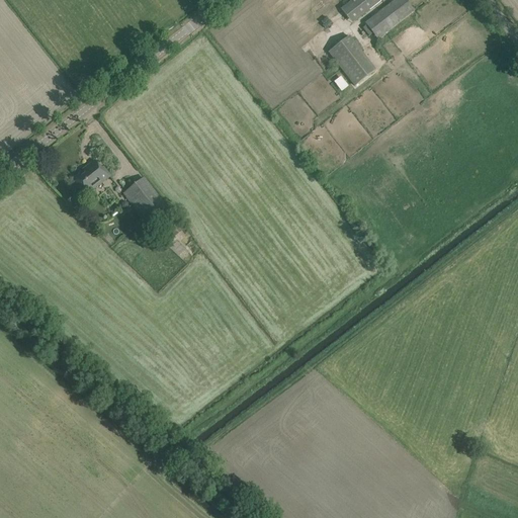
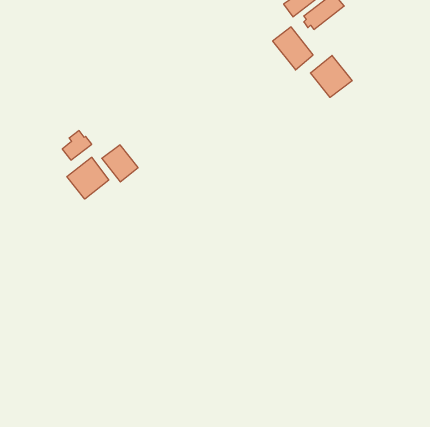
building: none -> [310,55,352,97]
building: none -> [67,157,109,199]

